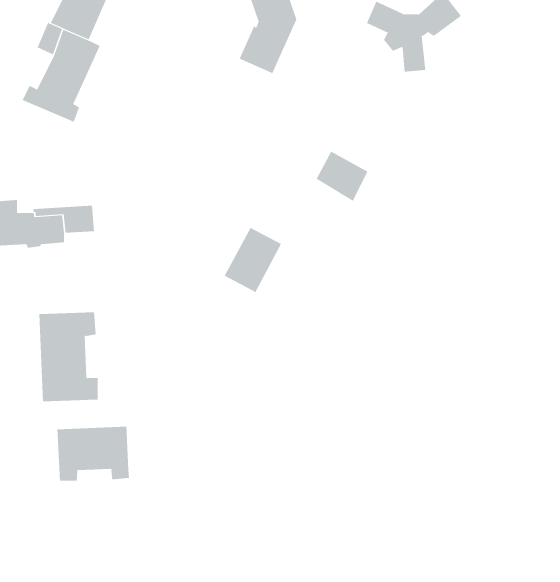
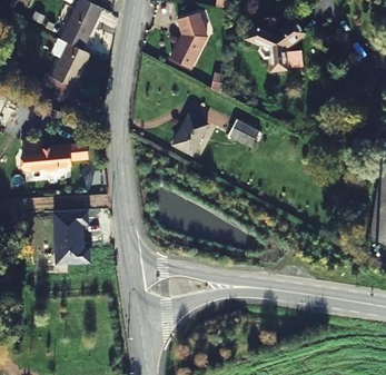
building: [224,227,282,293] -> [175,115,209,154]
building: [57,426,130,481] -> none

